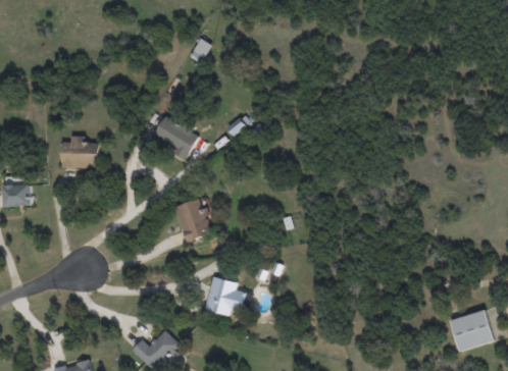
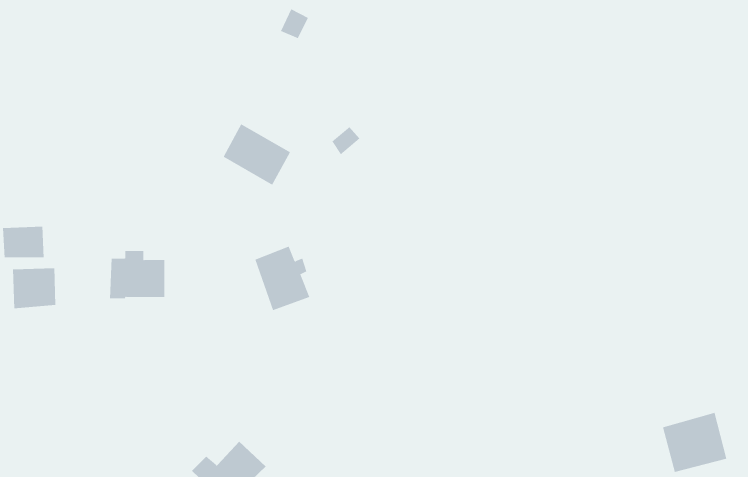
building: [60,137,98,169] -> [109,251,165,299]
building: none -> [13,267,56,309]
building: [203,276,246,316] -> none

